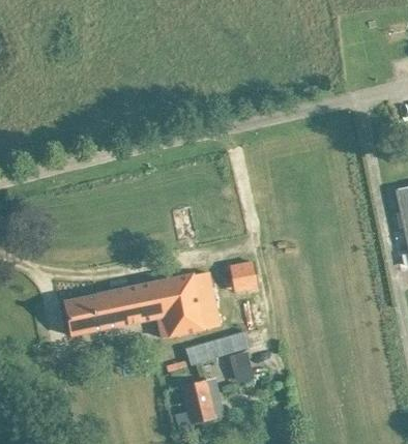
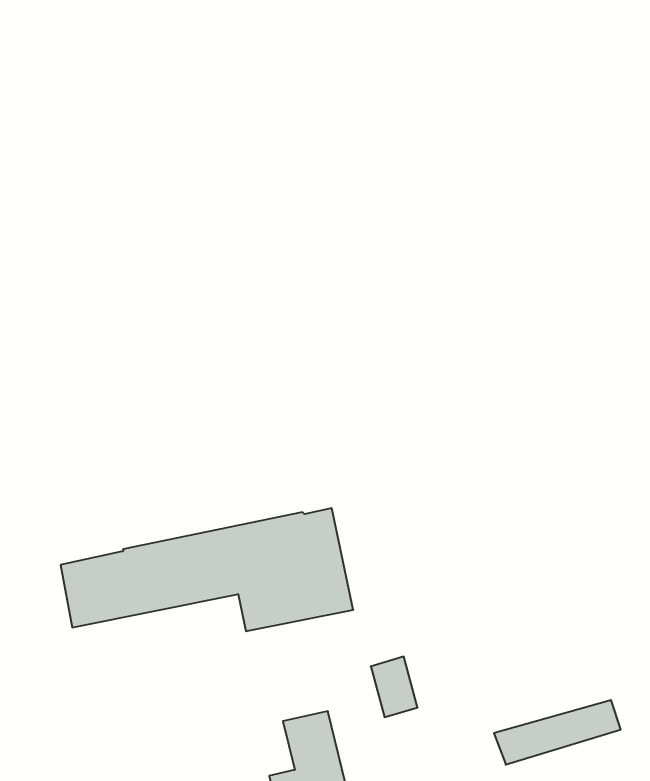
building: [230,262,258,288] -> none
building: [185,331,253,365] -> [494,700,621,765]

